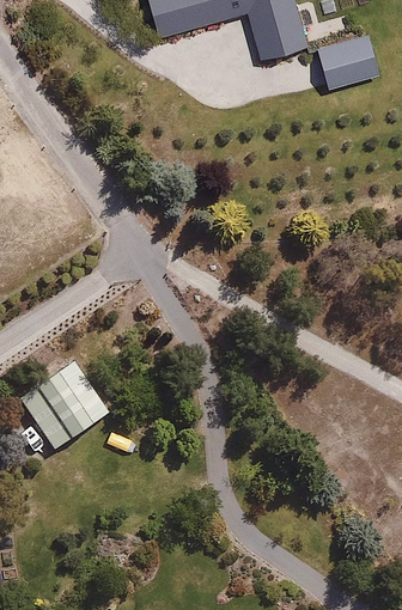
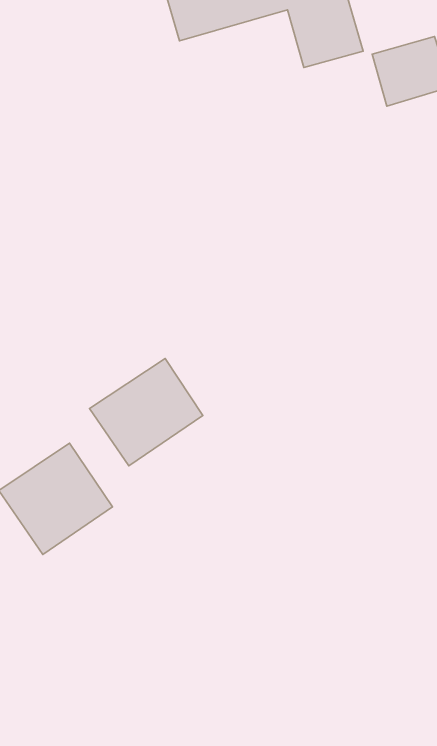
building: none -> [90,359,203,466]

